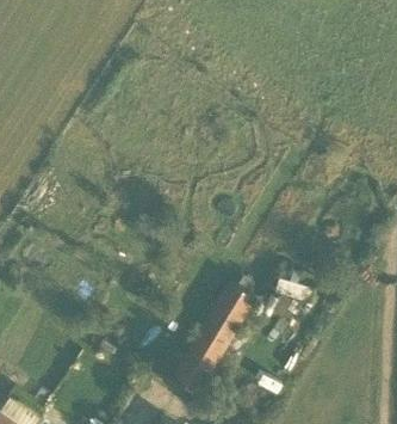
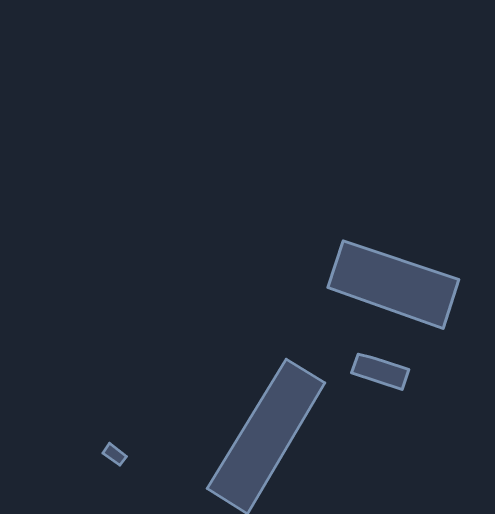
building: none -> [328,241,459,329]

